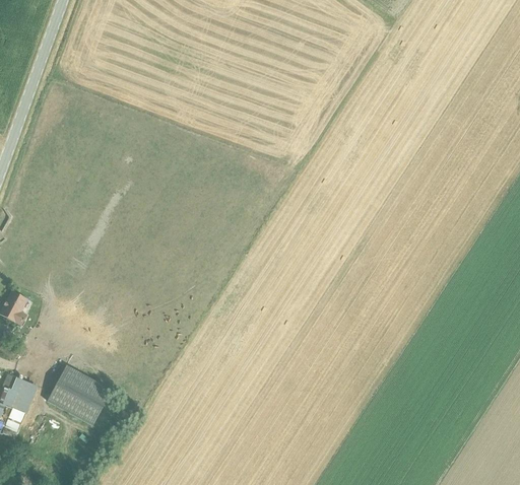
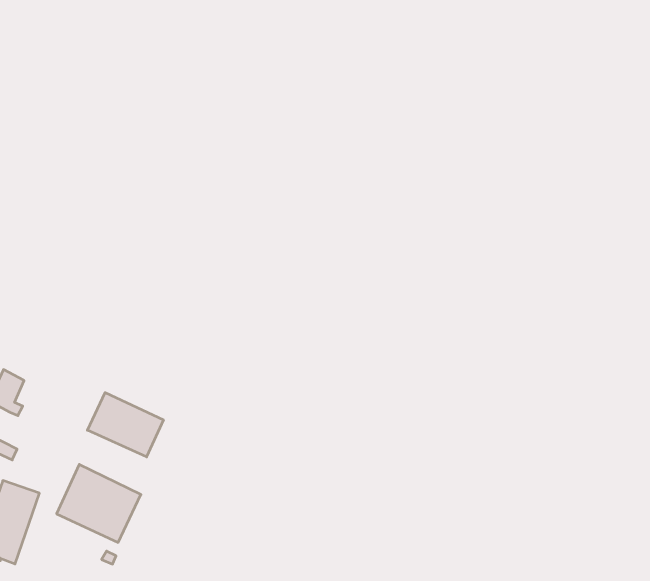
building: none -> [87,393,163,457]

